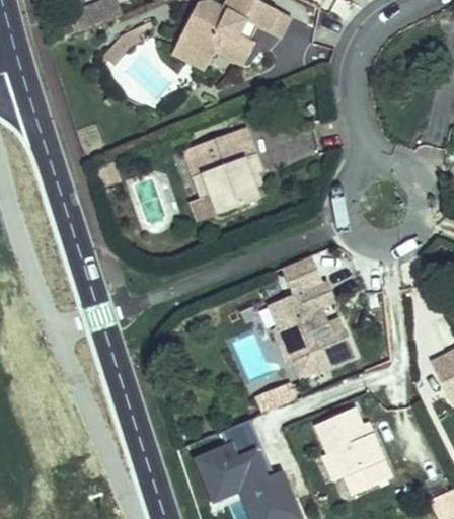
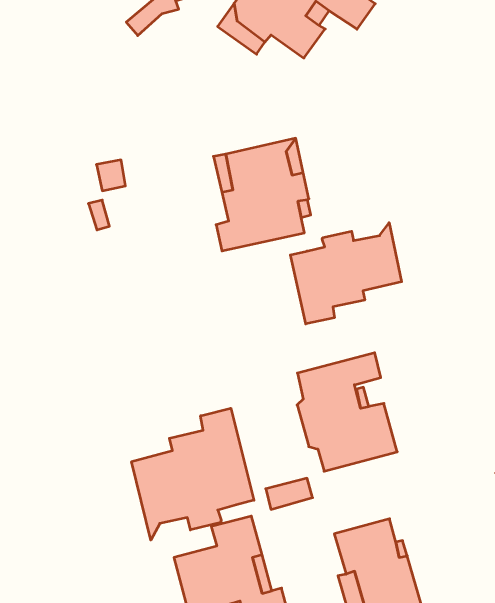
building: none -> [290,223,402,324]
building: none -> [132,408,254,540]

